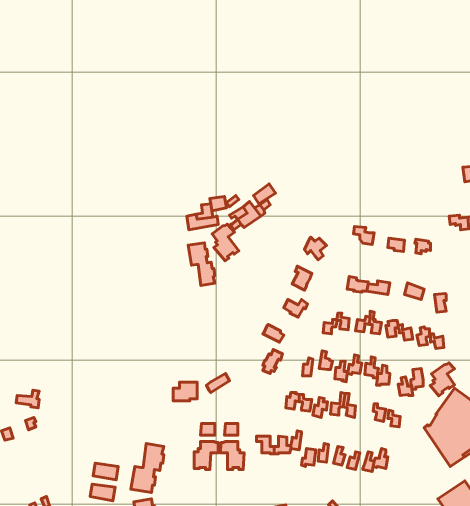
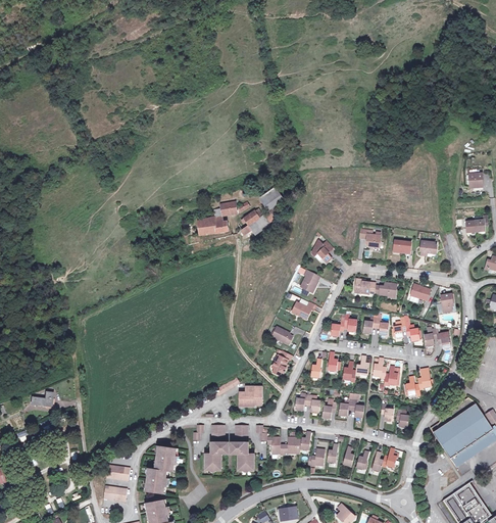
building: [212,224,239,261] -> none
building: [188,243,215,286] -> none
building: [430,363,455,396] -> none
building: [173,382,197,401] -> [239,386,262,405]

